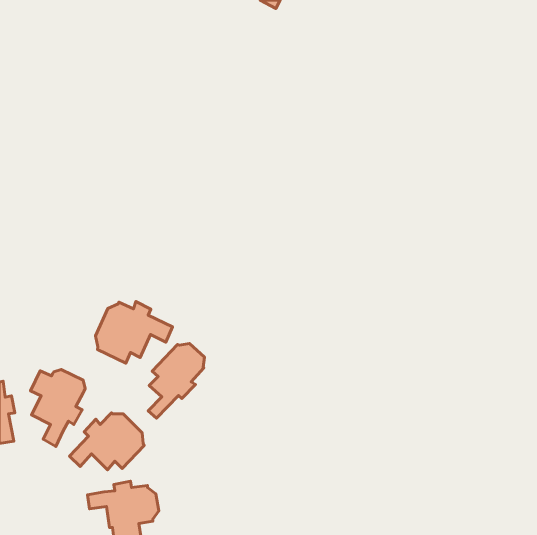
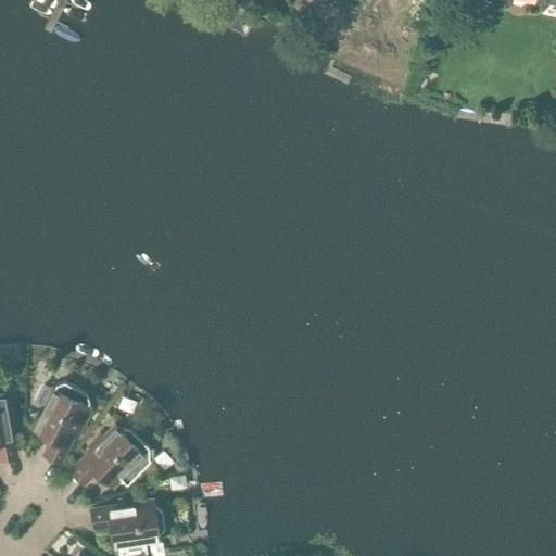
building: [96,302,173,363] -> none
building: [148,344,205,418] -> none

